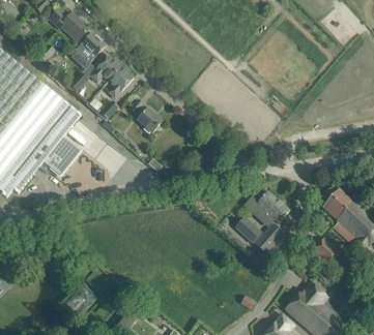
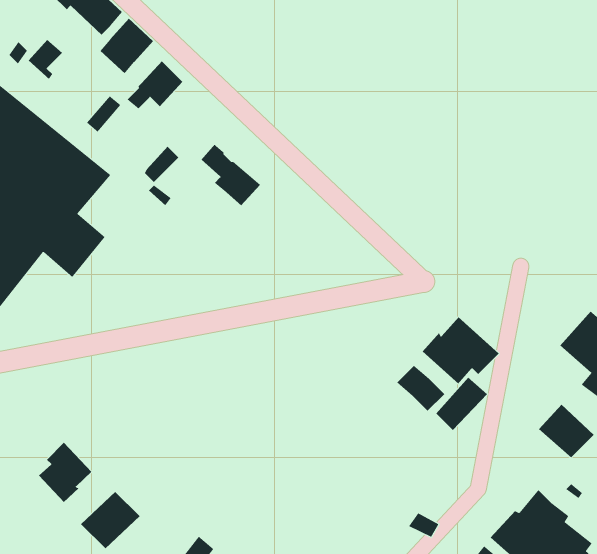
building: [108,66,133,97] -> none
building: none -> [38,442,92,503]

